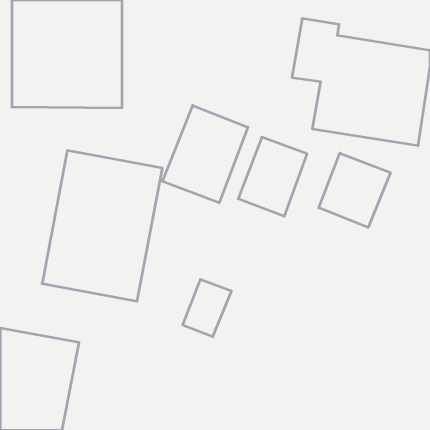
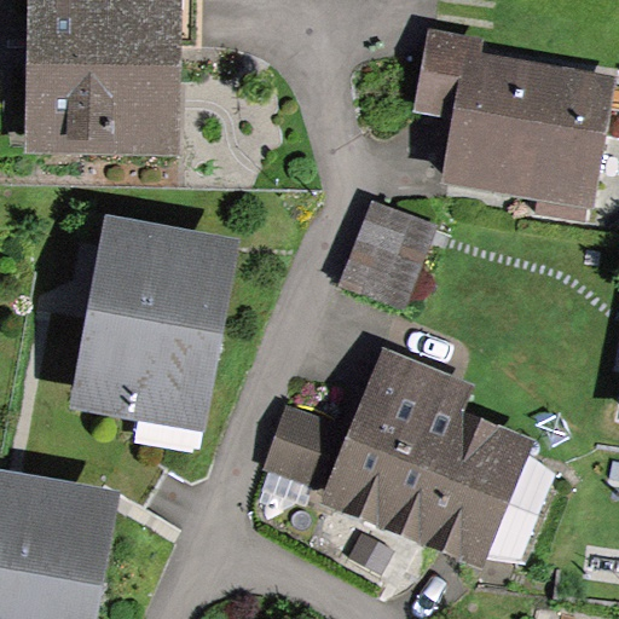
building: [162,105,248,203] -> none
building: [319,153,390,227] -> none
building: none -> [326,347,542,567]

